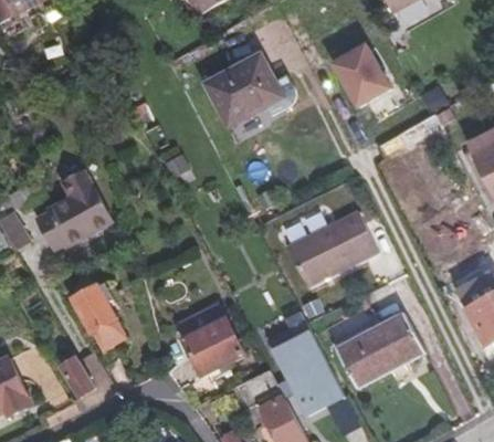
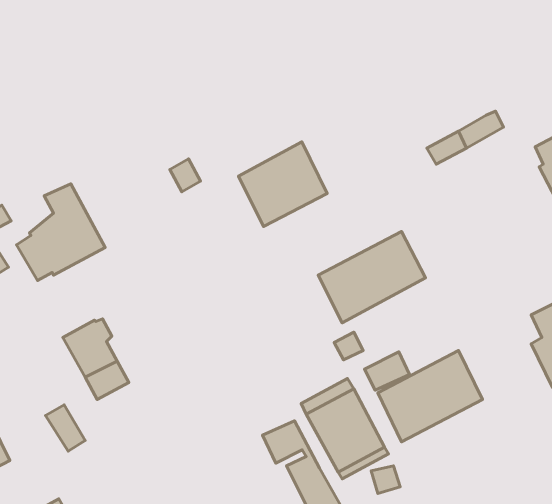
building: [332,41,395,107] -> none
building: [207,56,281,127] -> [238,142,327,227]
building: [180,317,240,377] -> none

